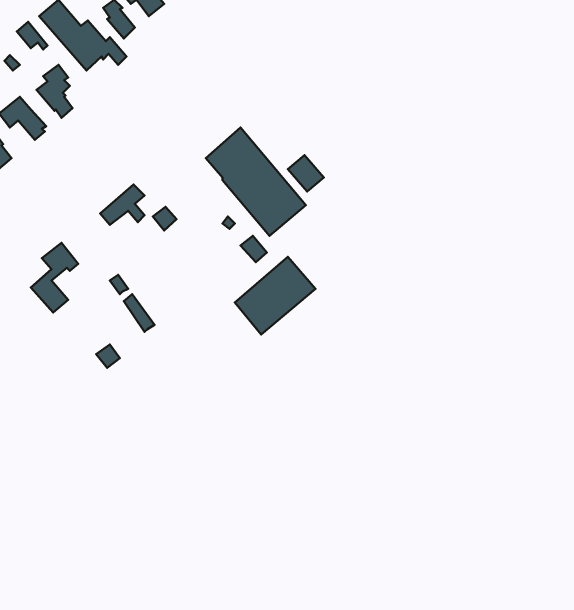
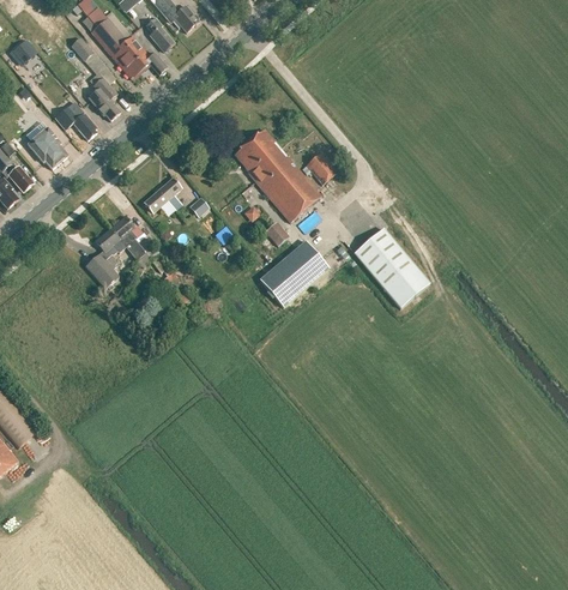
building: none -> [110,215,145,259]
building: none -> [354,228,429,308]

